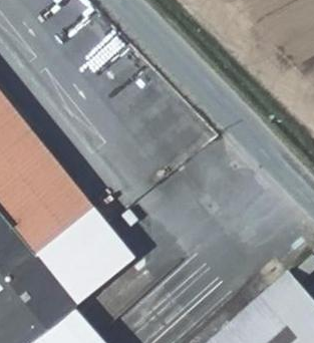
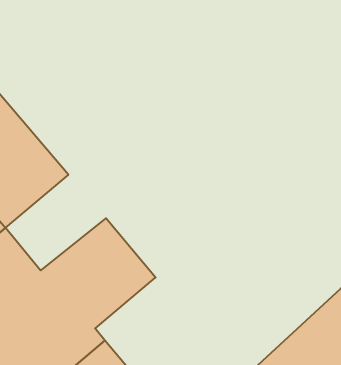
building: [11,174,94,253] -> none

